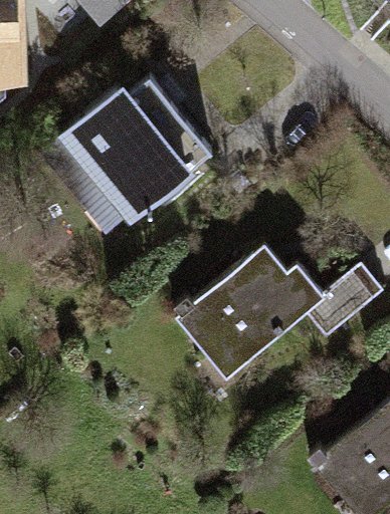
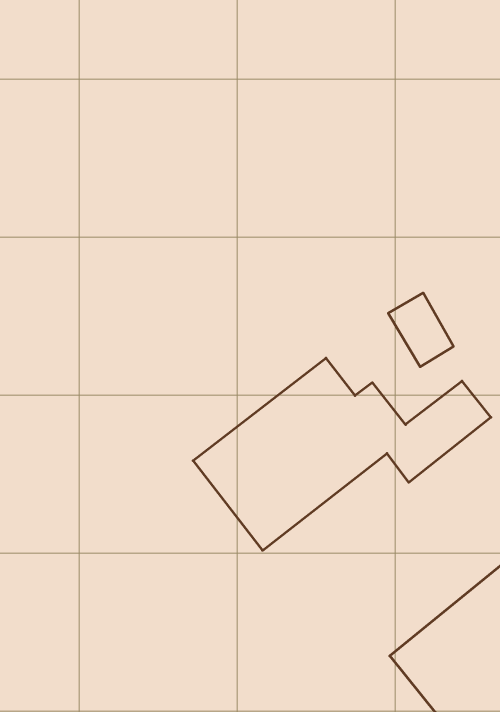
building: [55,91,196,234] -> none

